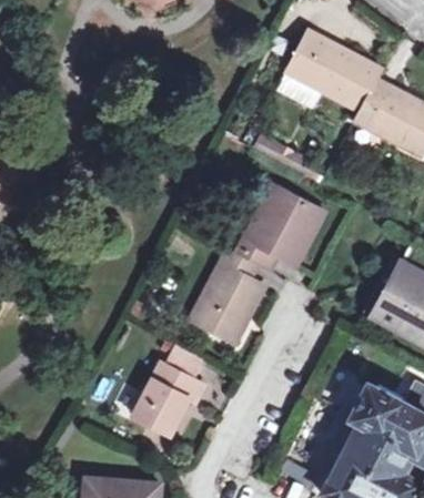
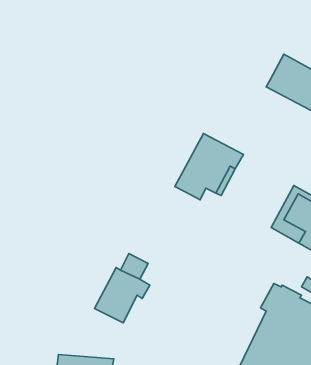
building: [290,31,386,113] -> none
building: [189,250,263,344] -> none

